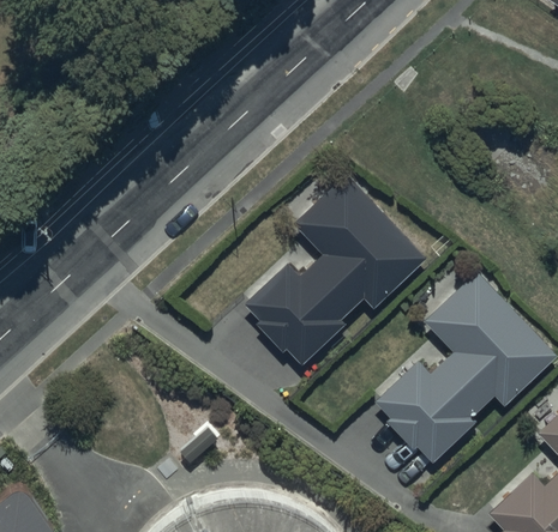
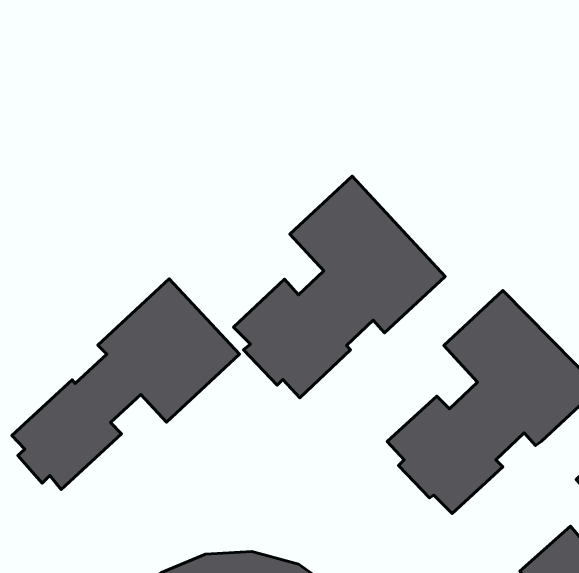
building: none -> [12,279,239,489]

